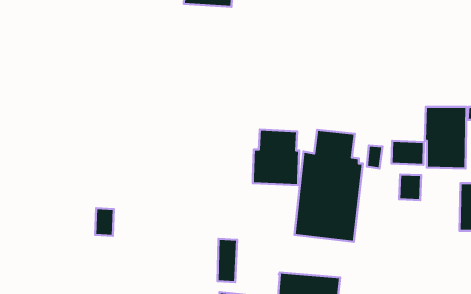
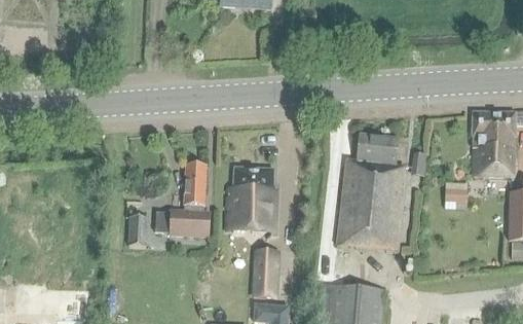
building: [253,130,299,185] -> [226,167,274,224]
building: [392,141,424,165] -> none
building: none -> [155,165,210,236]

